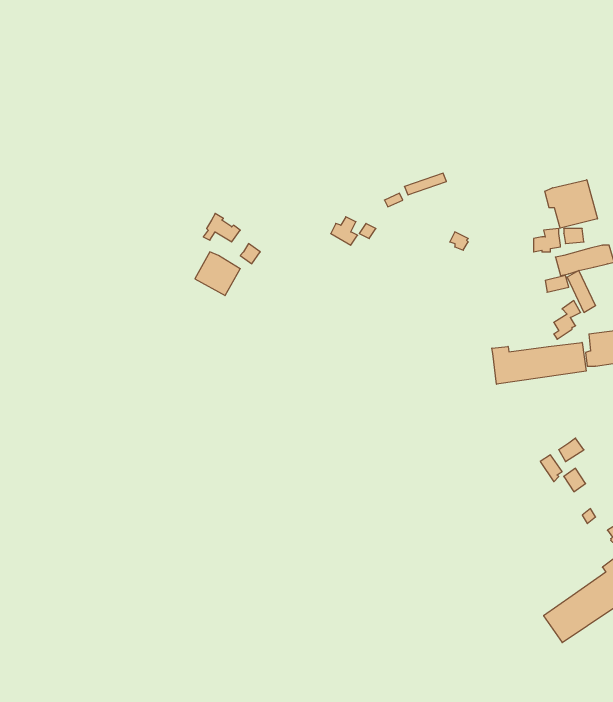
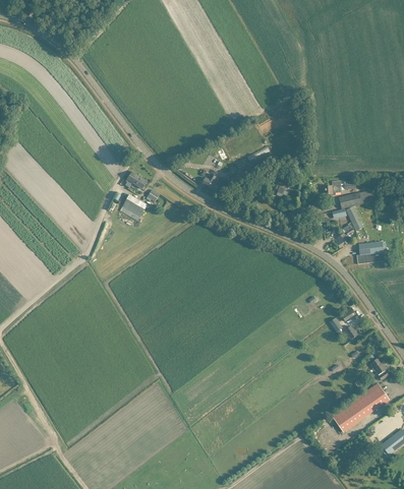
building: [545,180,597,228] -> none
building: [492,342,586,384] -> none

